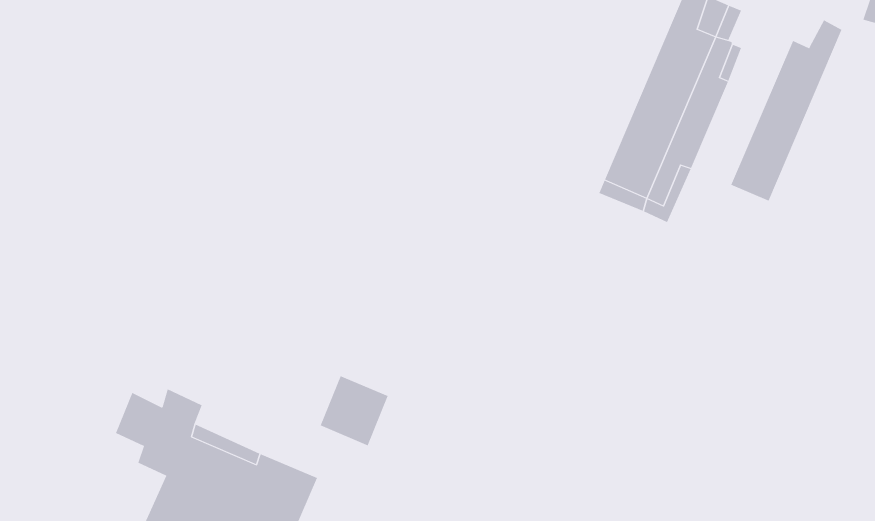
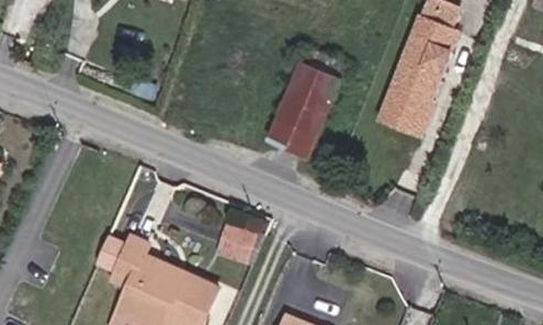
building: [731,20,842,201] -> none
building: none -> [262,54,339,150]

